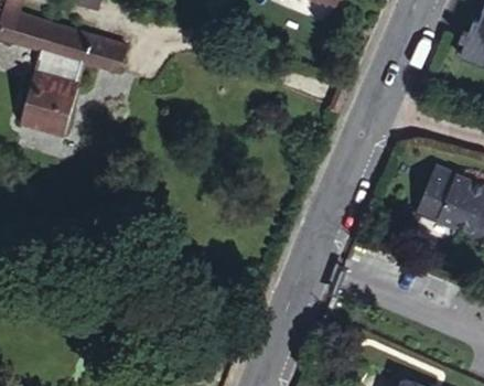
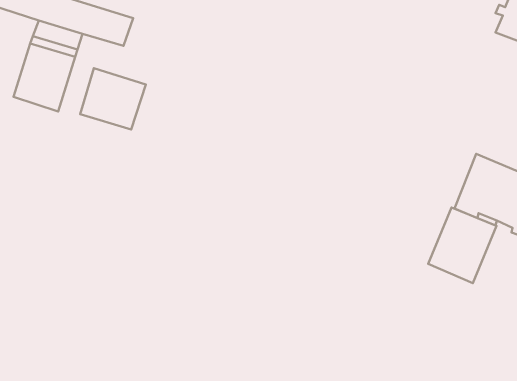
building: none -> [80,68,146,130]
building: none -> [428,208,497,283]

